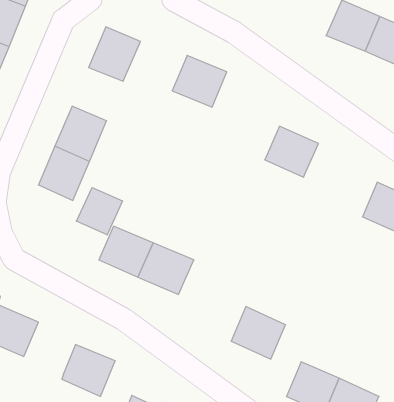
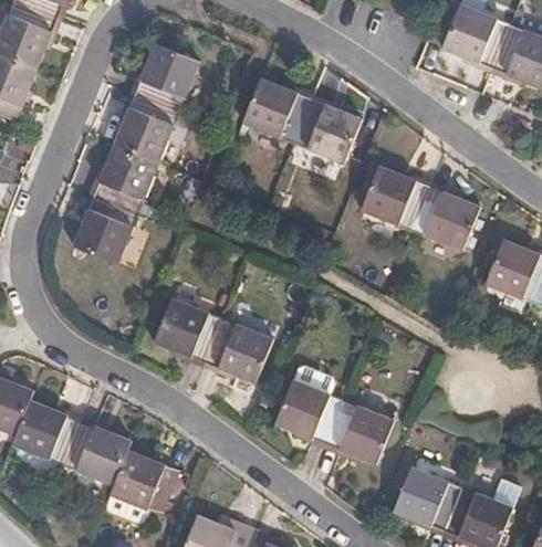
building: none -> [117,92,183,160]
building: none -> [296,97,366,164]
building: none -> [414,189,483,255]
building: [76,188,122,235] -> none
building: none -> [272,365,340,442]
building: none -> [55,418,125,484]

